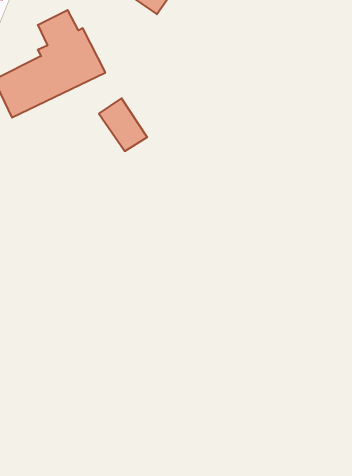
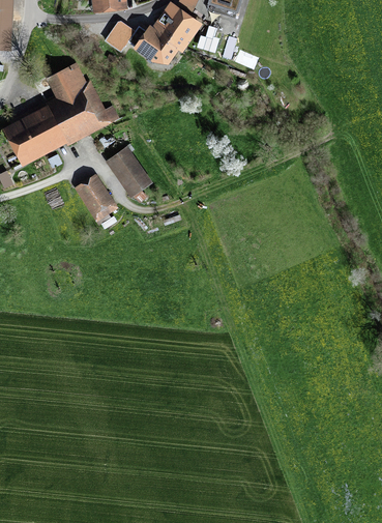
building: none -> [74,173,118,223]

